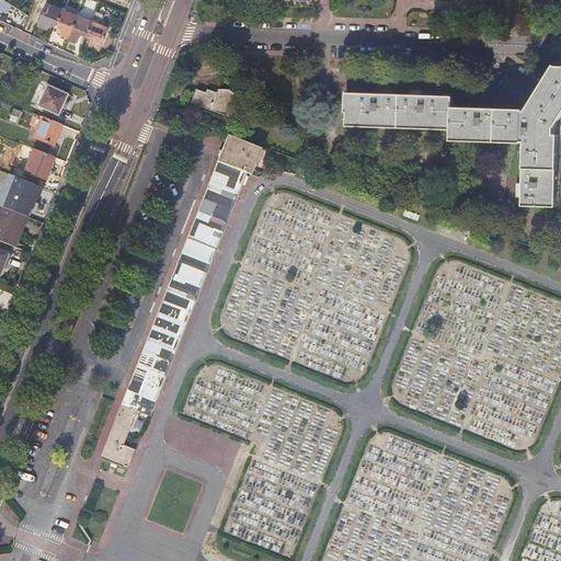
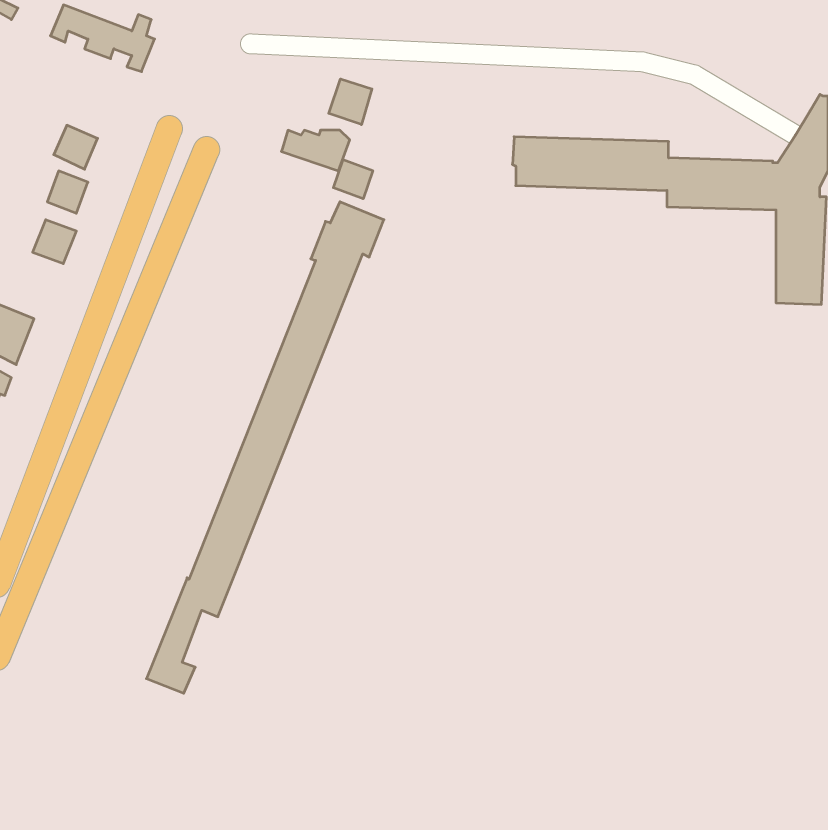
building: none -> [329,79,372,125]
building: none -> [333,160,373,199]
building: [9,176,37,205] -> none

